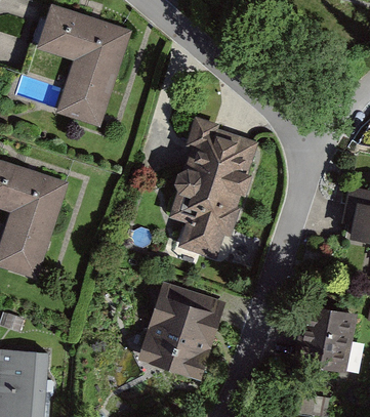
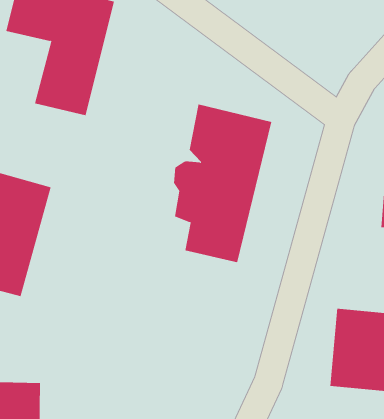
building: [136,293,222,382] -> none

